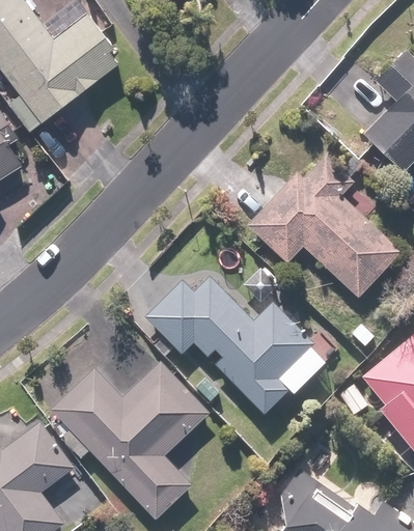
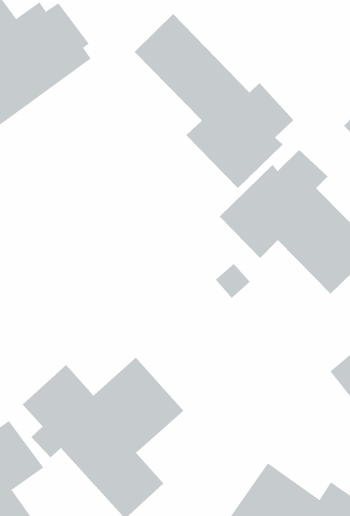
building: none -> [134,13,294,189]
building: [146,277,328,417] -> none

